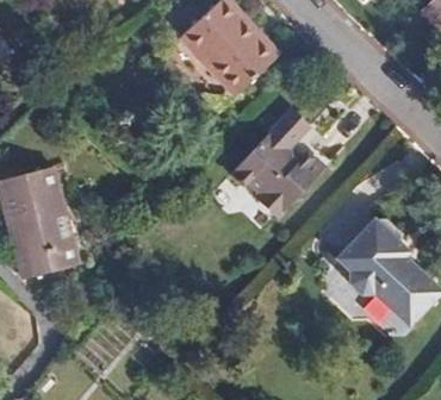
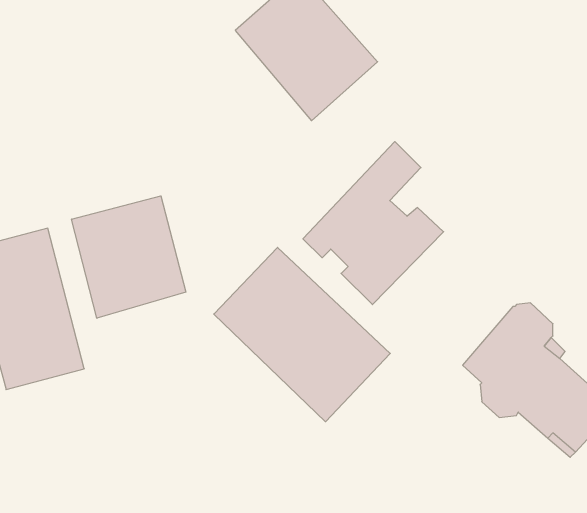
building: none -> [72,196,186,318]
building: none -> [214,247,390,422]

